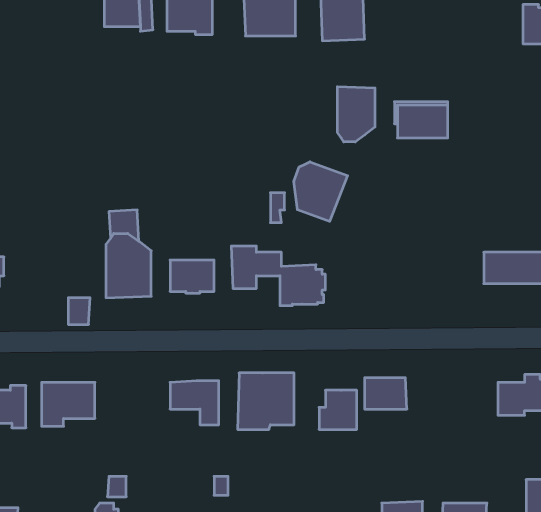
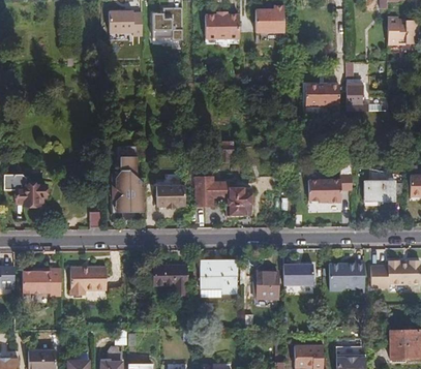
building: [337,87,375,142] -> none
building: none -> [345,83,368,110]
building: [294,162,348,221] -> none
building: none -> [312,161,351,202]
building: none -> [332,260,365,293]

